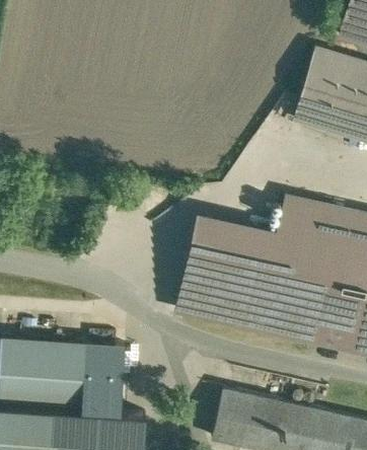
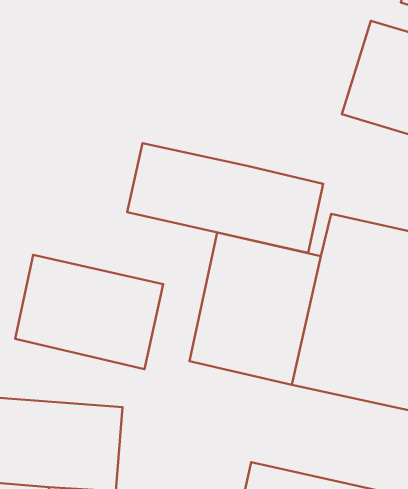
building: none -> [127,143,323,253]
building: none -> [15,255,163,369]

